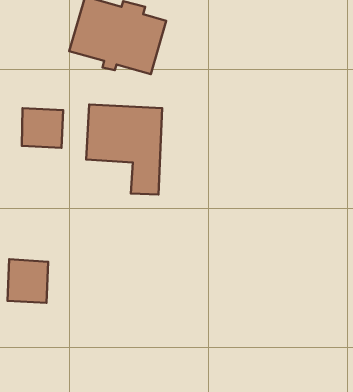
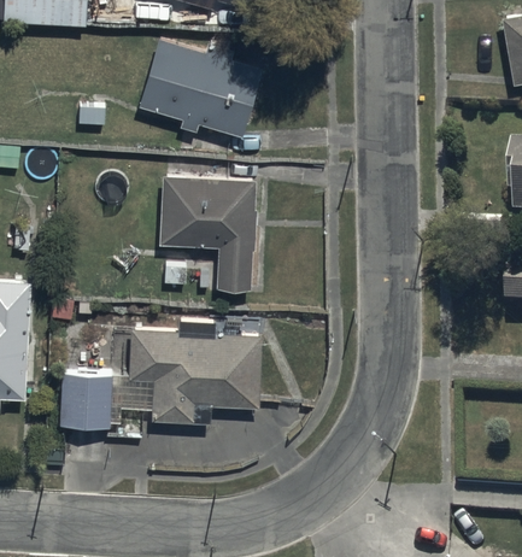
building: [22,108,63,148] -> none
building: none -> [127,329,262,423]

